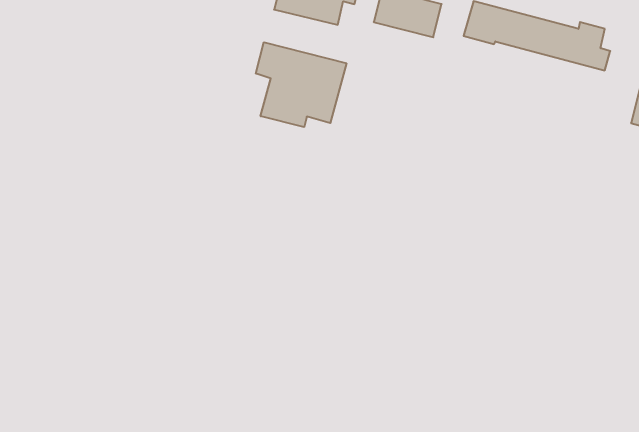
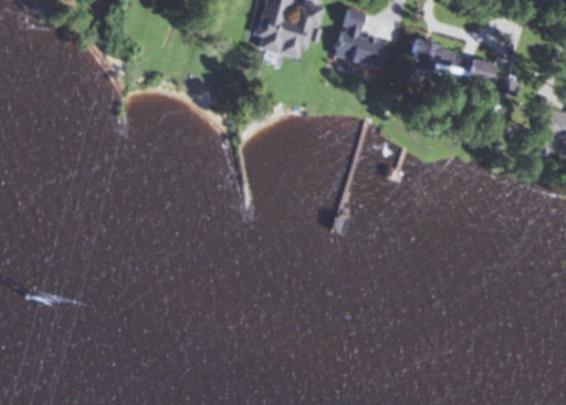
building: [256,42,346,127] -> none

